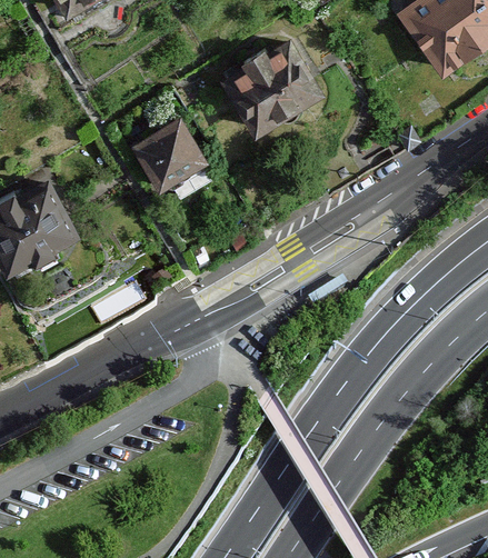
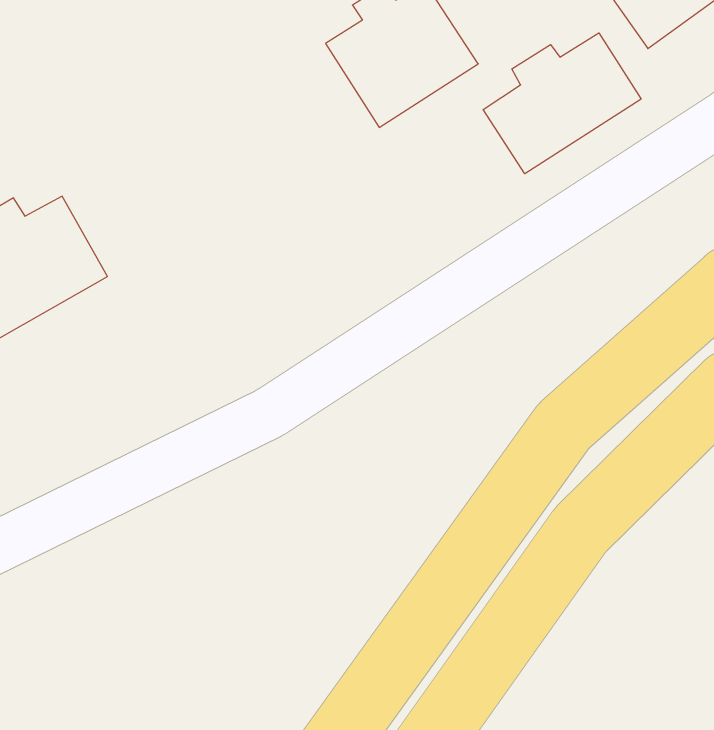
building: none -> [483,33,641,174]
building: [132,114,212,191] -> none

